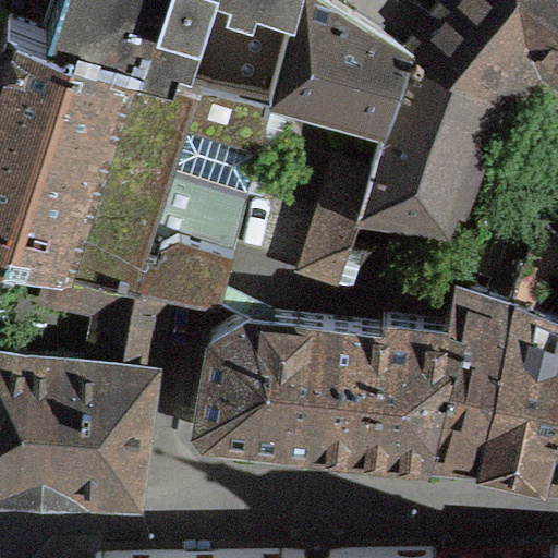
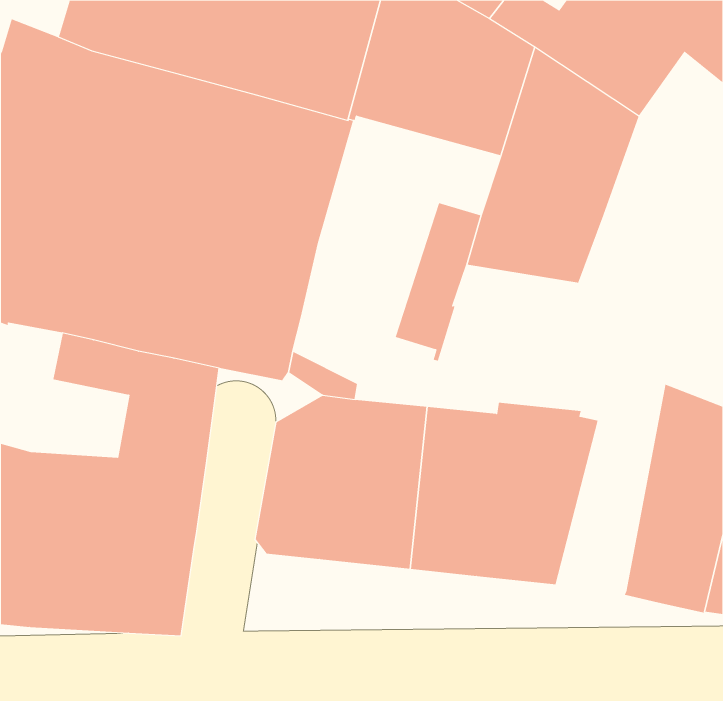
building: [428,294,512,473] -> none

